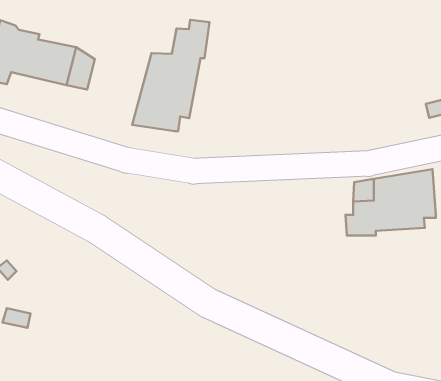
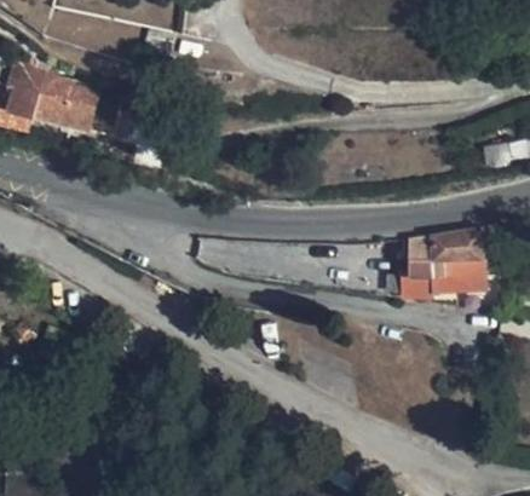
building: [132,20,209,131] -> none

